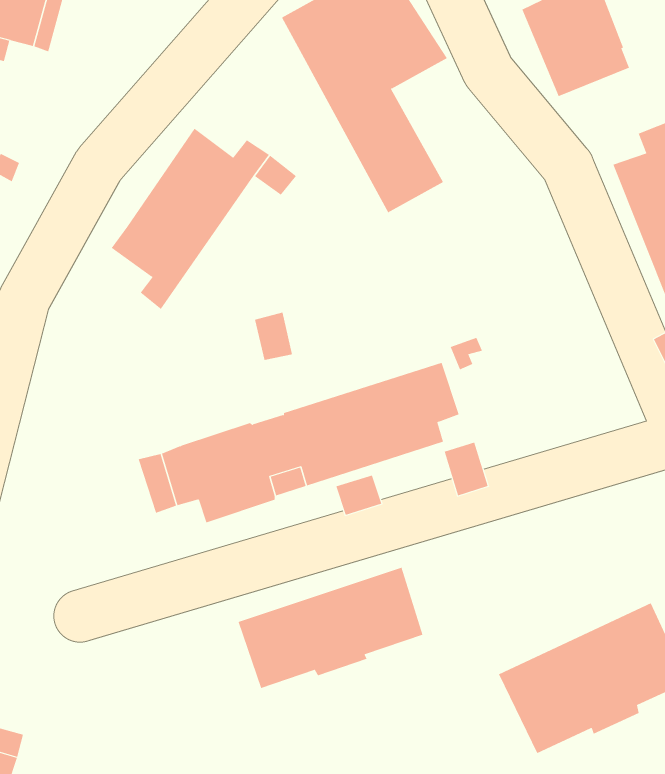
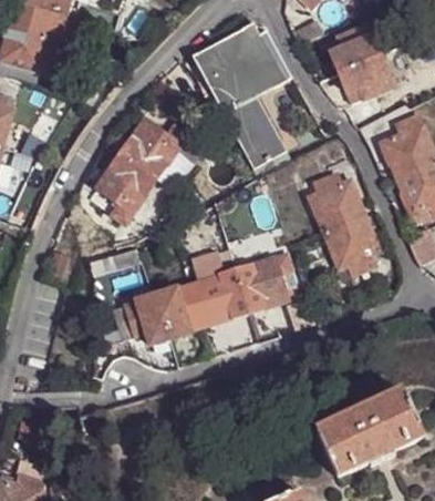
building: none -> [305,173,379,277]
building: [238,567,423,689] -> none

